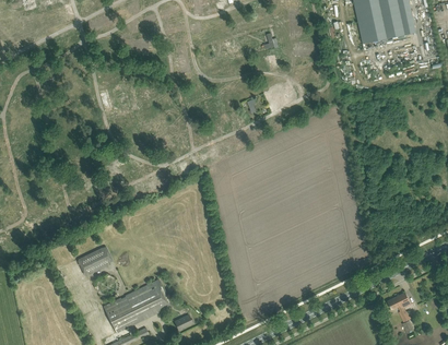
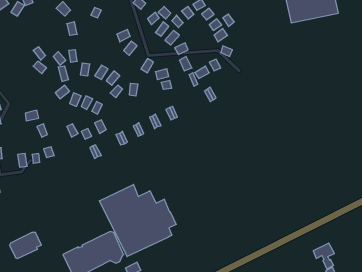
building: none -> [99,184,176,257]
building: [76,247,113,276] -> [10,233,41,259]

